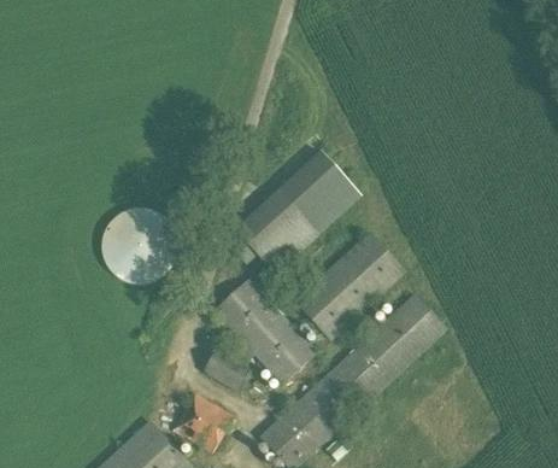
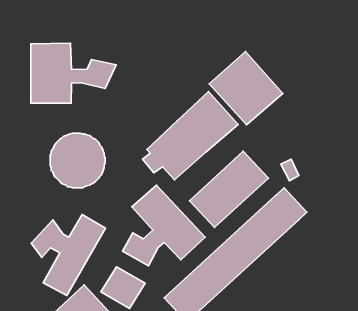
building: none -> [31,43,116,103]
building: none -> [209,52,283,125]
building: none -> [31,215,106,296]

